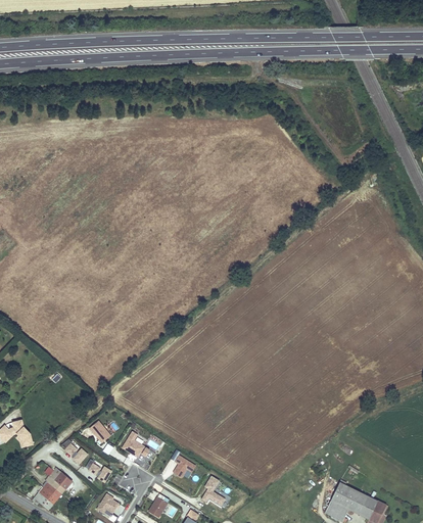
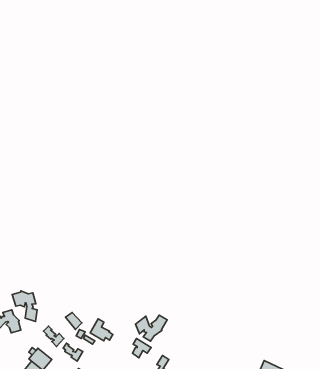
building: none -> [12,291,37,321]
building: none -> [136,315,167,341]

